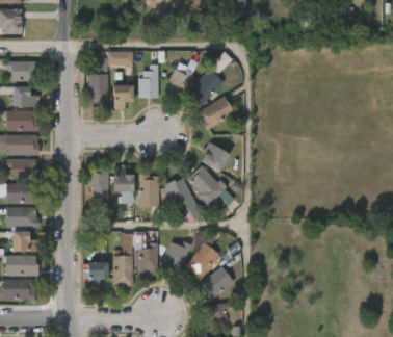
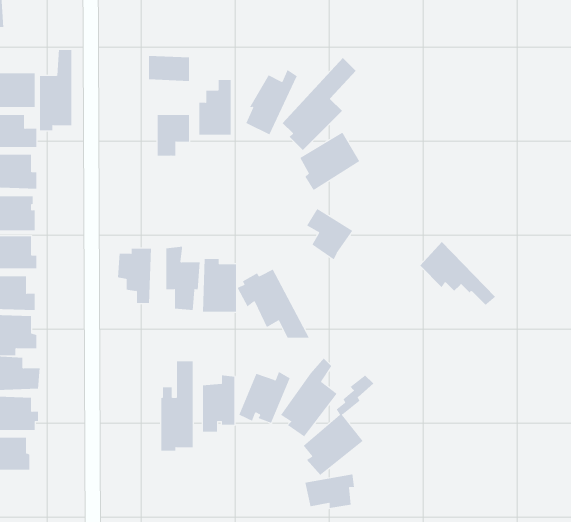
building: [89,58,109,107] -> [39,49,72,131]
building: [187,166,233,205] -> [419,241,496,306]
building: [90,262,111,288] -> none

